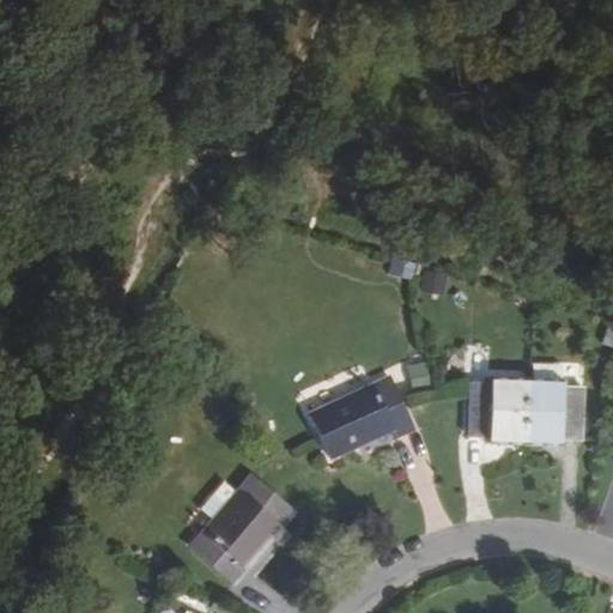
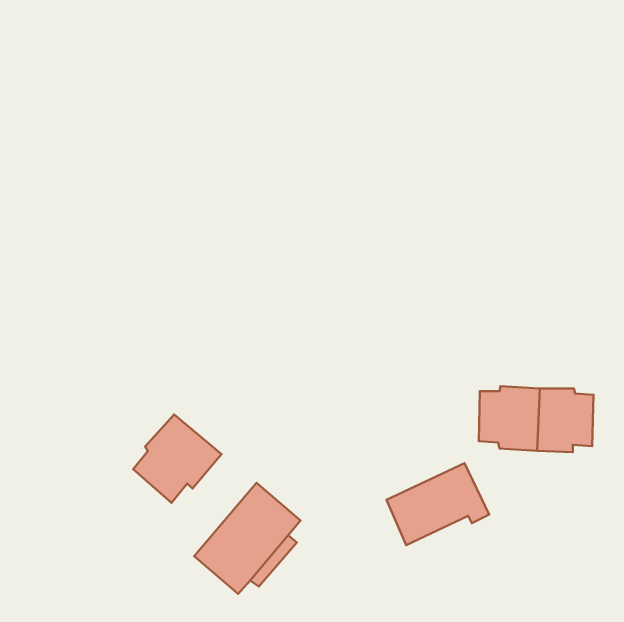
building: [311,376,412,456] -> [386,463,489,545]
building: none -> [133,414,222,503]

